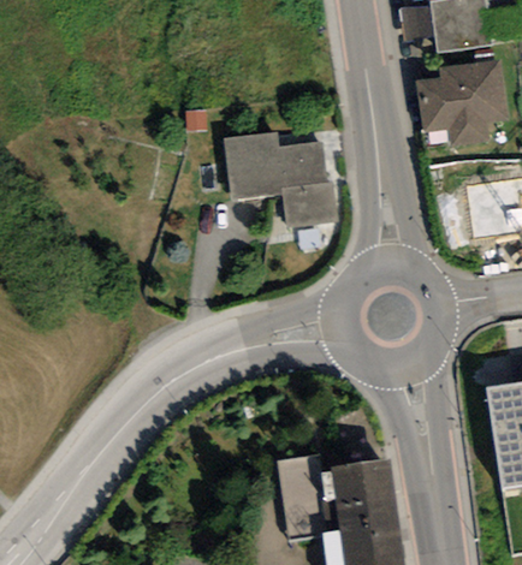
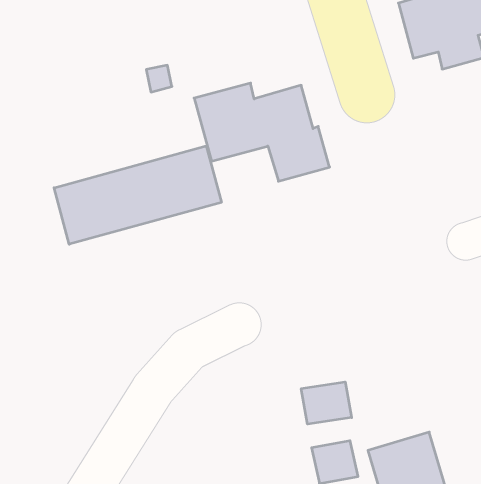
building: none -> [54,146,221,244]
building: none -> [301,382,352,424]

